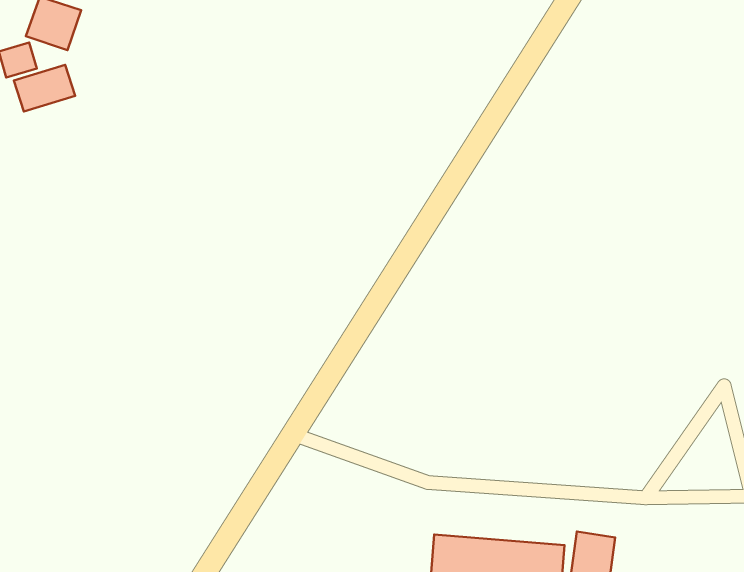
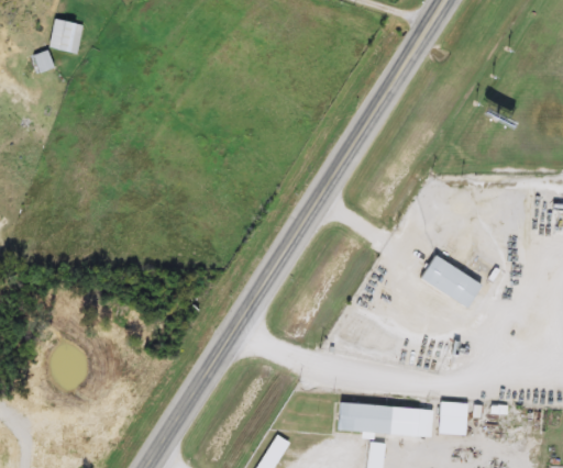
building: [14,65,75,111] -> none
building: none -> [419,255,482,308]

